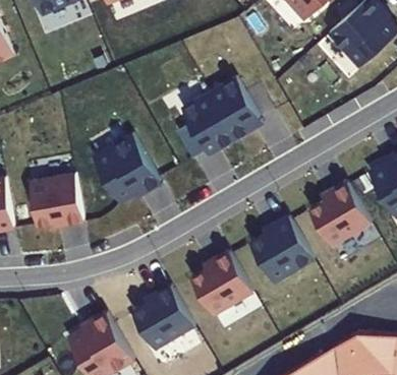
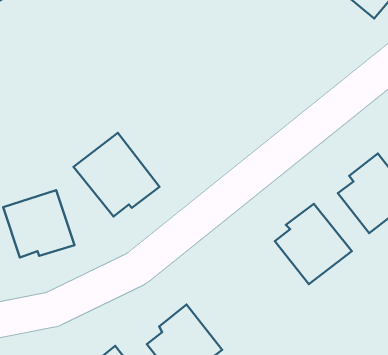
building: [181,79,263,159] -> none
building: [190,252,252,317] -> none

